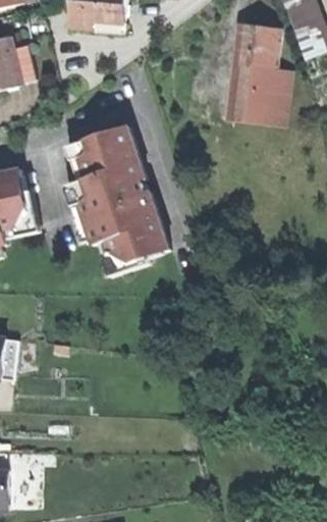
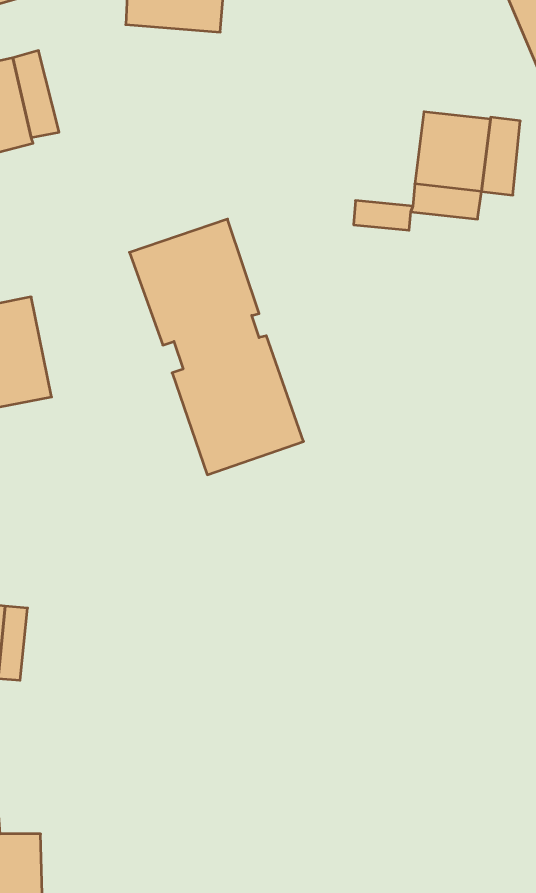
building: [234,27,275,71] -> none

